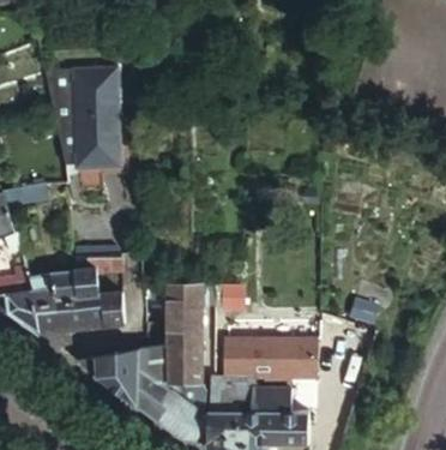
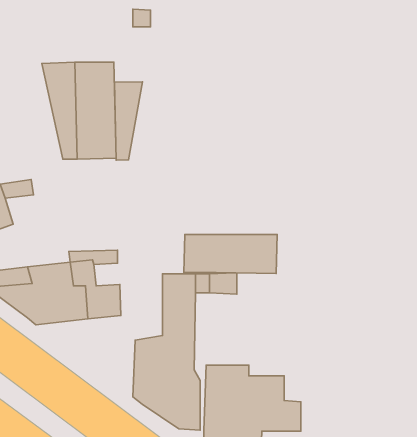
building: none -> [114,82,143,160]
building: [223,338,318,378] -> [184,235,277,274]
building: [74,352,140,409] -> none

